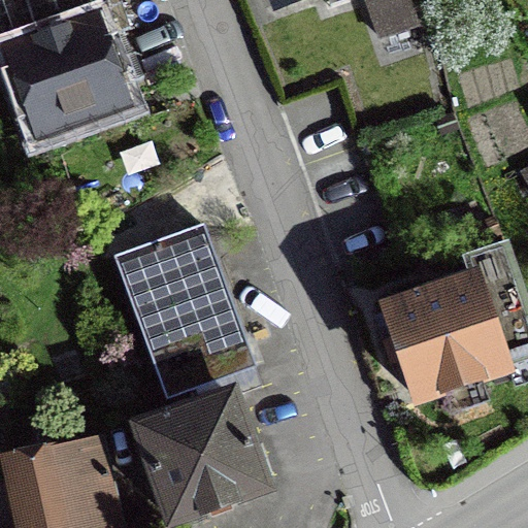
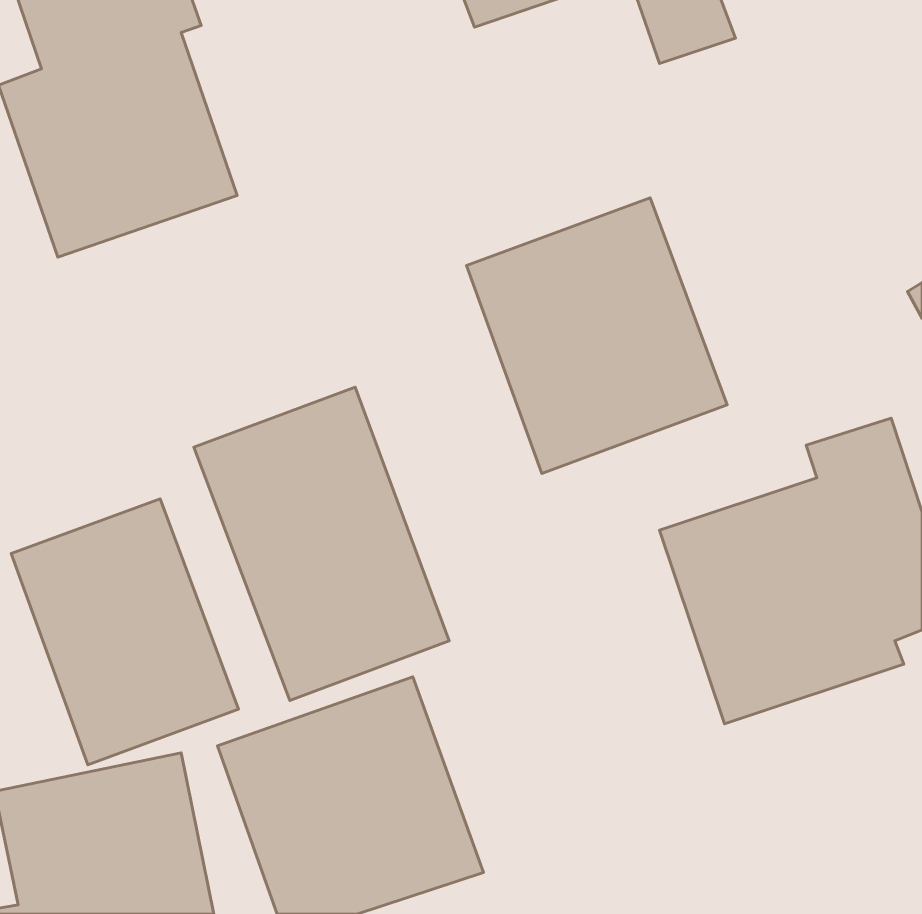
building: none -> [467,198,727,473]
building: none -> [11,499,238,765]

